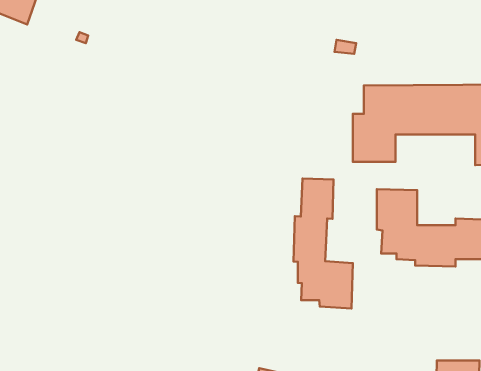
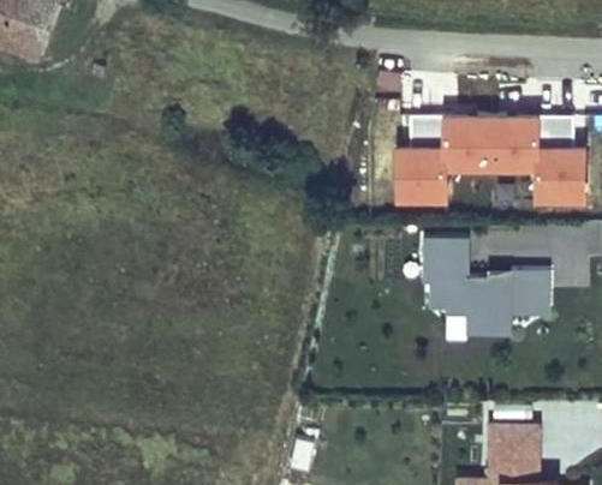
building: [293,179,353,309] -> none

